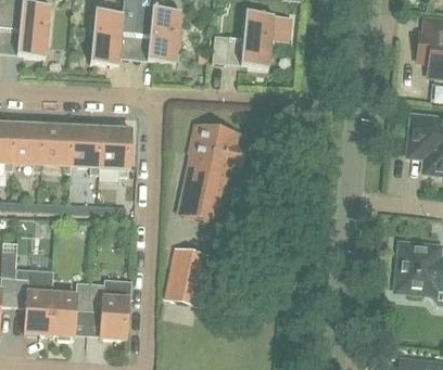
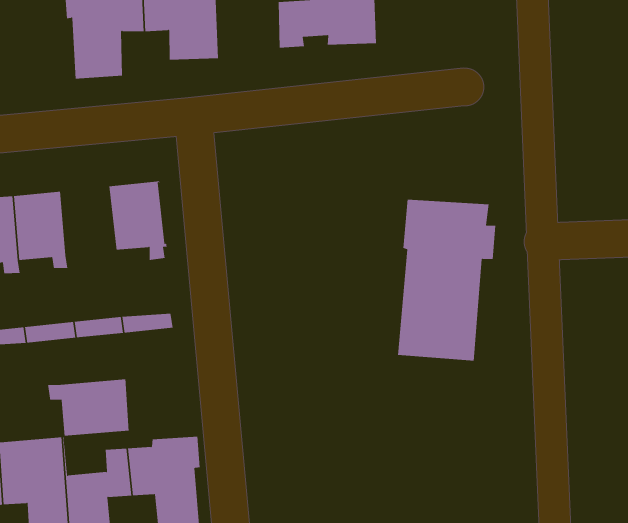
building: [177,123,245,222] -> [397,199,496,361]
building: [71,127,101,174] -> none
building: none -> [48,379,129,437]
building: [166,246,208,305] -> none

